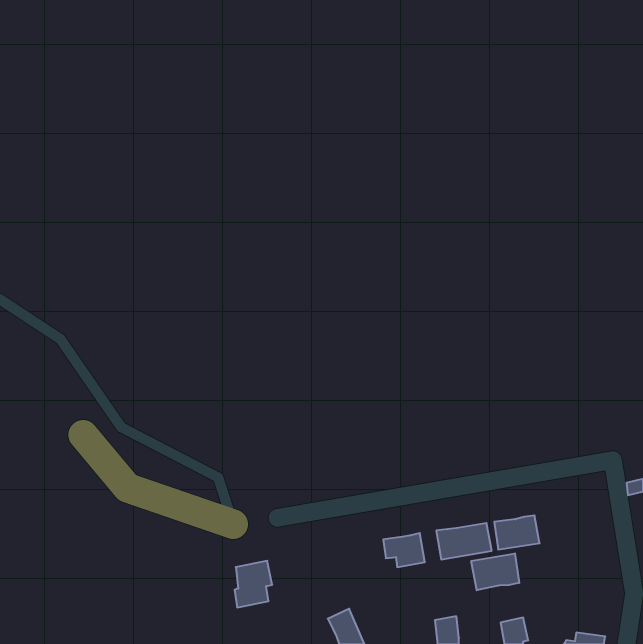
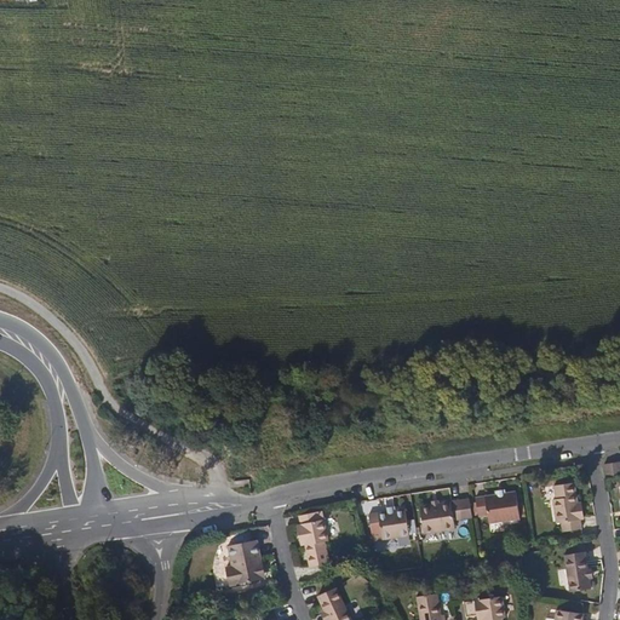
building: none -> [552,481,582,532]
building: none -> [297,512,327,567]
building: [471,553,519,590] -> none
building: none -> [564,550,591,589]

